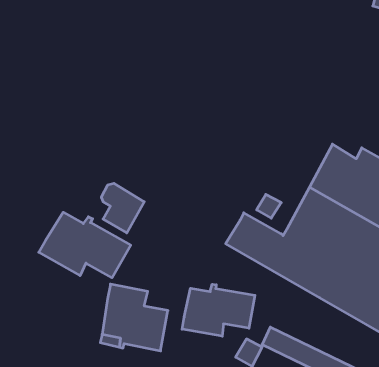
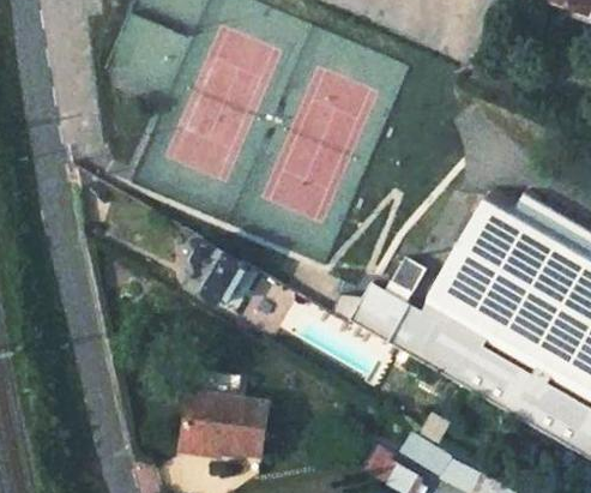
building: [39,212,131,278] -> none
building: [182,284,255,336] -> none

